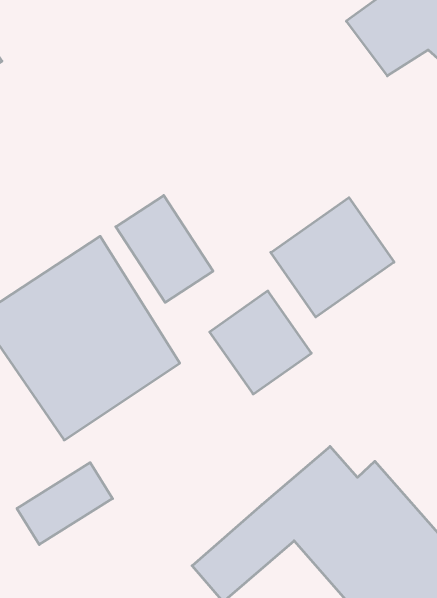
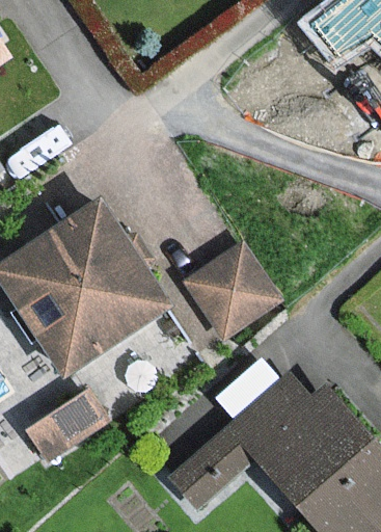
building: [116,195,213,302] -> none
building: [271,198,394,317] -> none

